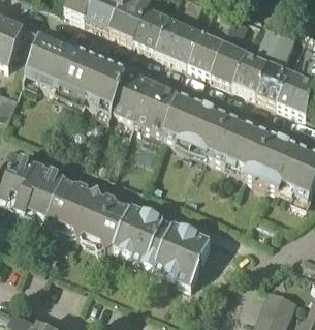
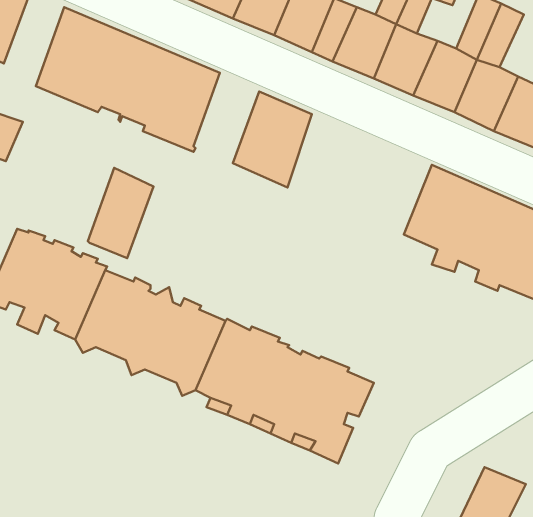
building: [112,68,148,118] -> [88,168,153,258]
building: [162,91,243,161] -> none

